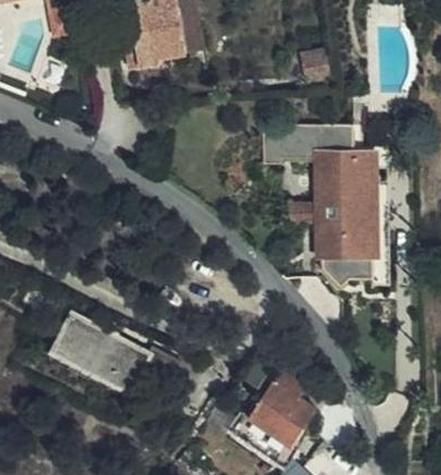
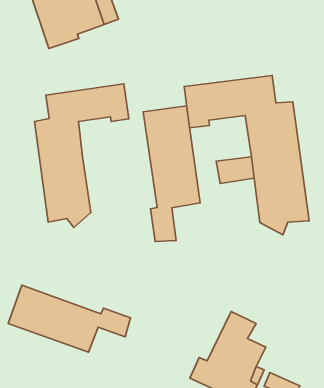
building: none -> [34,84,129,228]
building: none -> [143,106,200,242]

